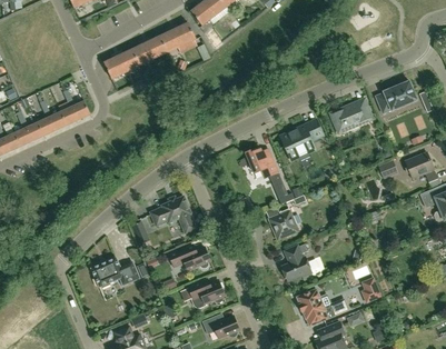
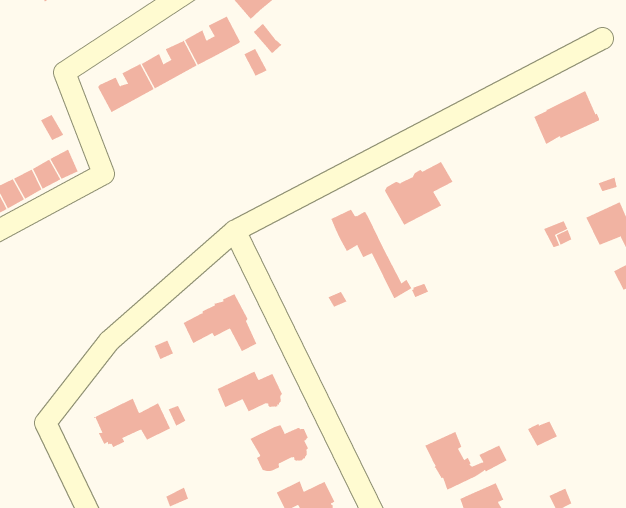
building: [329,99,371,132] -> none
building: [268,208,297,239] -> none
building: [280,243,310,281] -> none

